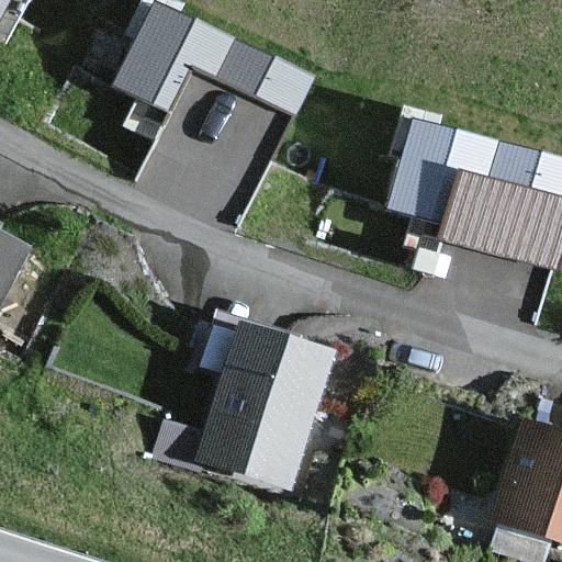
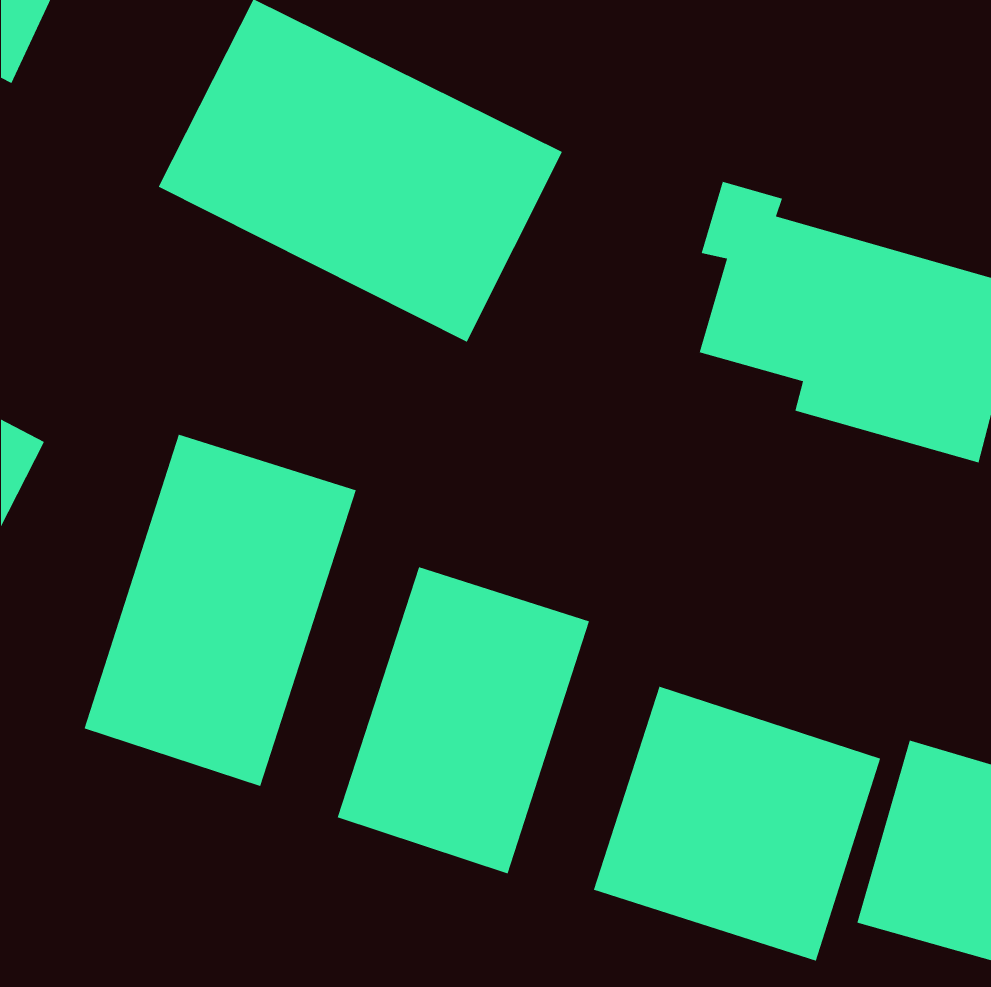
building: none -> [84,434,356,787]
building: none -> [593,686,881,961]

